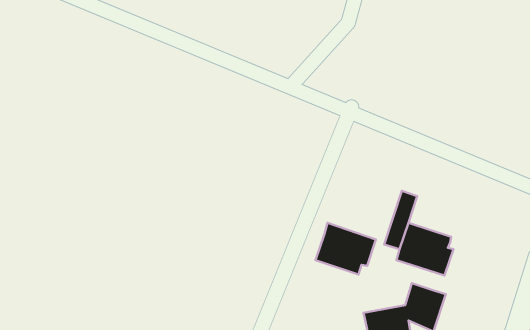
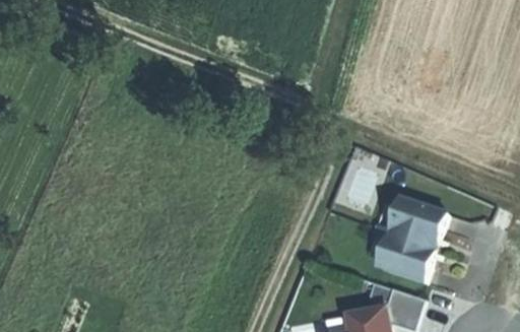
building: [316,223,376,275] -> [389,197,445,245]

